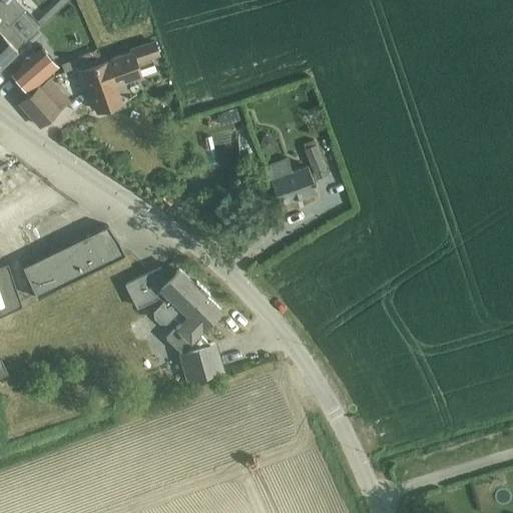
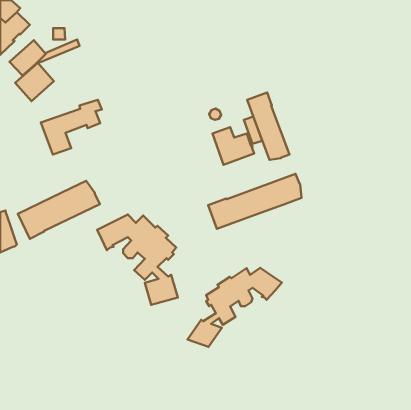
building: [82,43,158,111] -> [41,100,102,155]
building: none -> [247,92,289,160]
building: none -> [208,174,302,229]
building: none -> [188,268,282,347]

